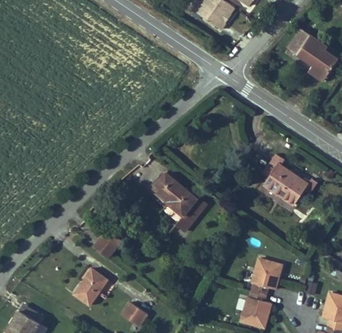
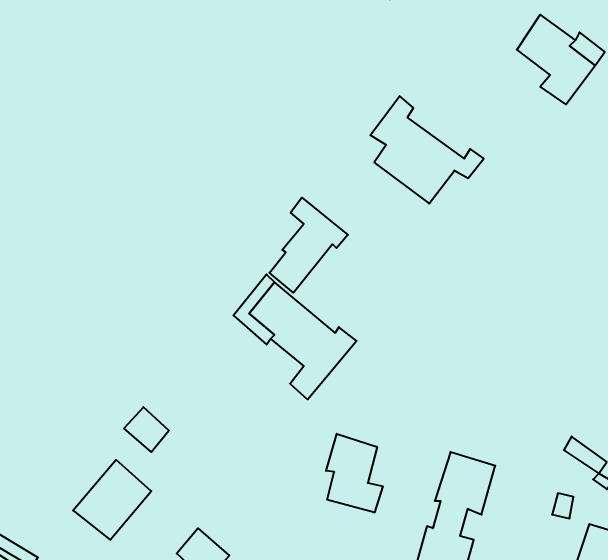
building: none -> [269,198,348,293]
building: [266,151,324,206] -> [370,96,484,204]
building: none -> [326,434,383,513]

